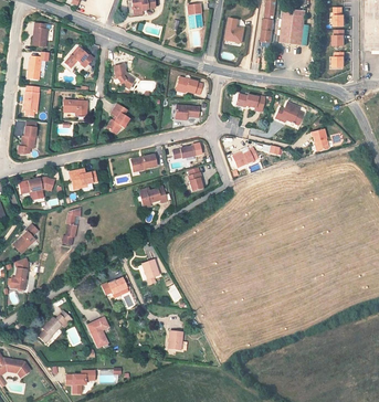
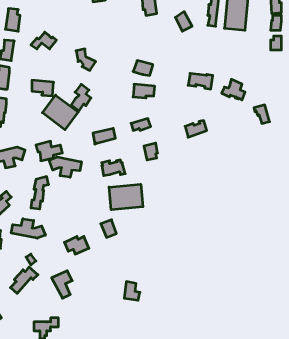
building: none -> [42,95,78,130]
building: none -> [49,157,81,177]
building: none -> [109,184,143,210]
building: none -> [11,219,45,238]

